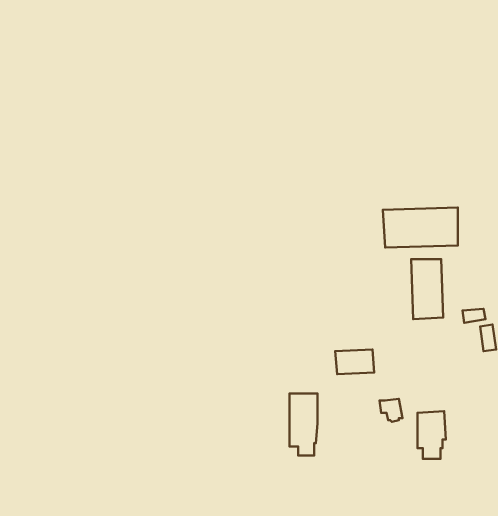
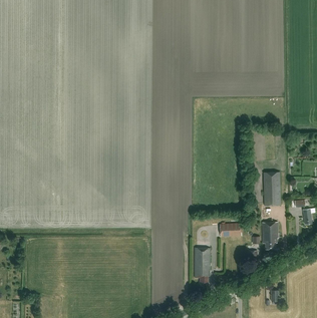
building: [383,208,458,248] -> none
building: [418,411,446,459] -> [262,222,278,249]

